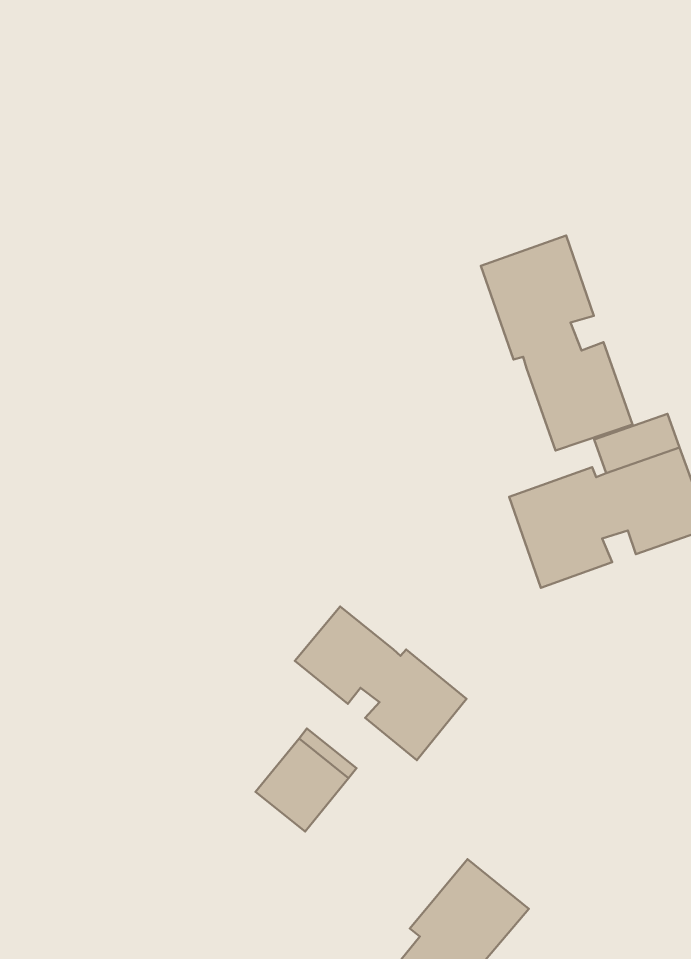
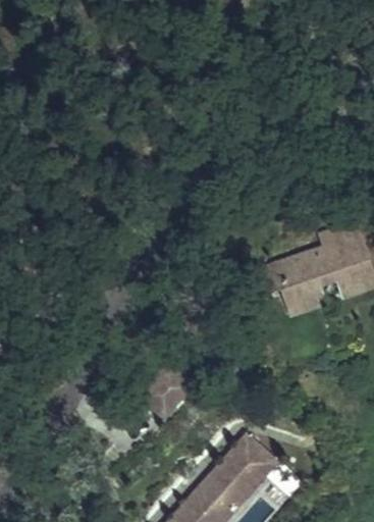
building: [481,235,633,450] -> none
building: [295,606,467,760] -> none

